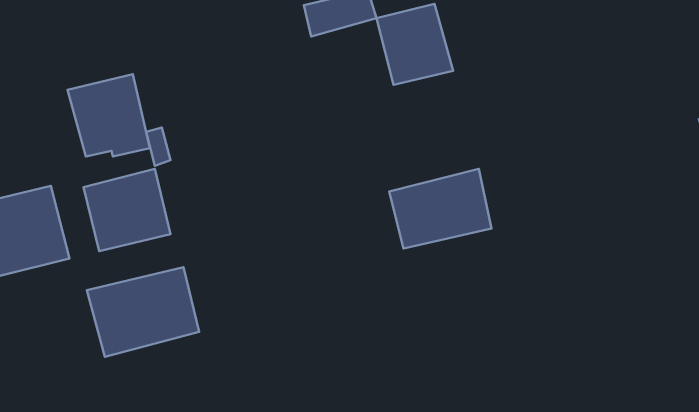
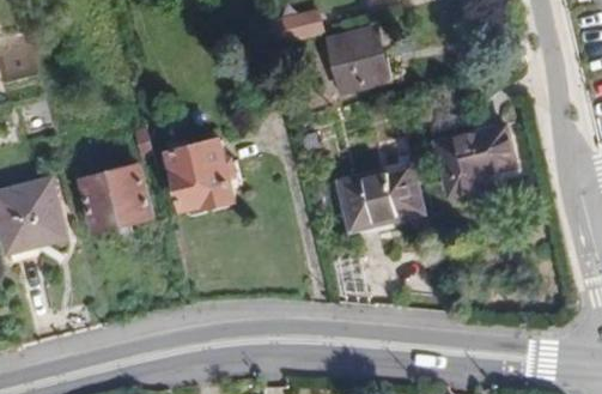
building: [67,74,150,157] -> [166,139,236,208]
building: none -> [434,122,515,195]
building: [87,267,199,357] -> none

